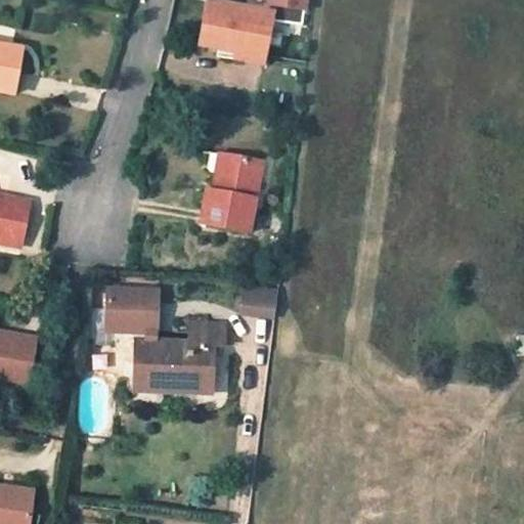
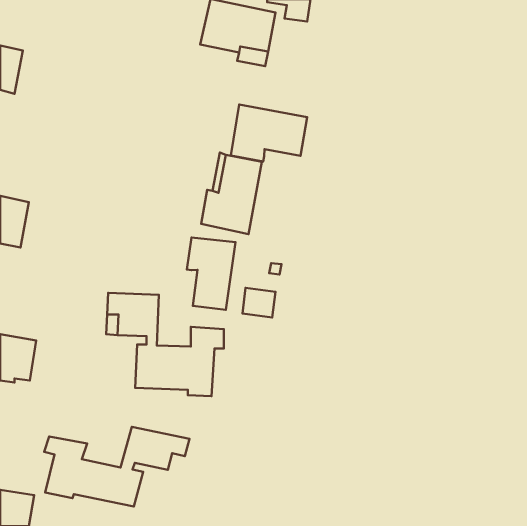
building: none -> [231,104,307,162]
building: none -> [187,238,235,310]
building: none -> [44,427,190,507]

